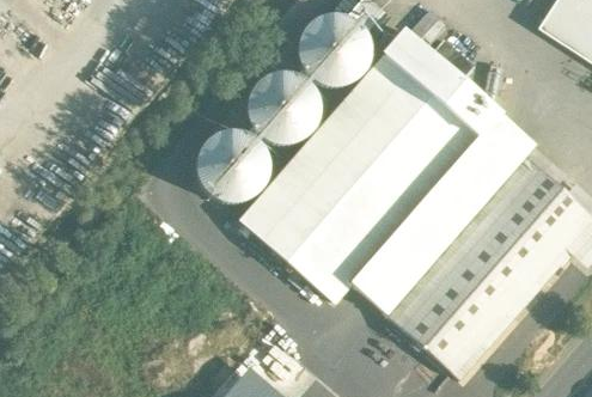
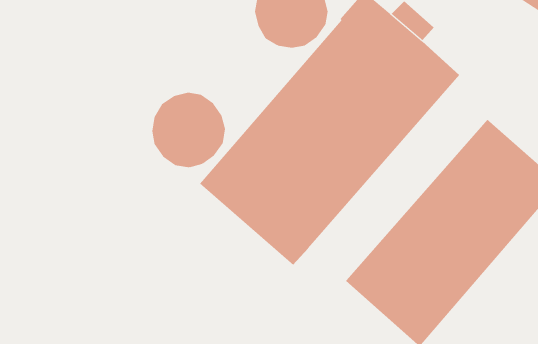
building: [246,73,321,146] -> none
building: [350,114,535,314] -> none

